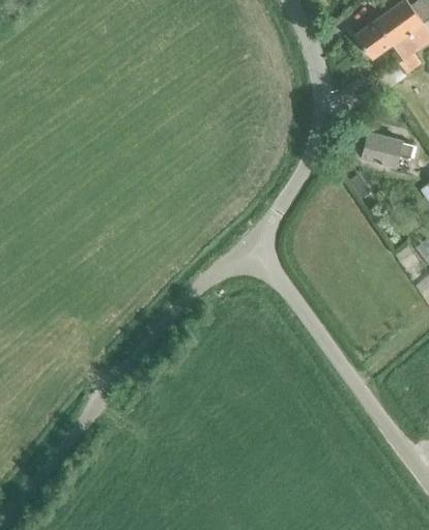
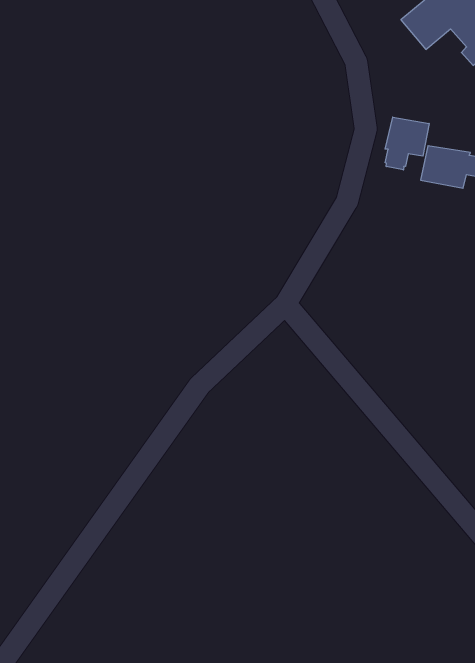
building: none -> [385,117,429,170]

